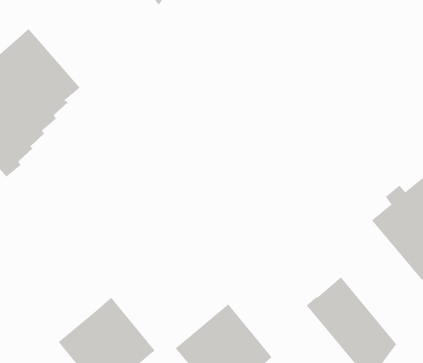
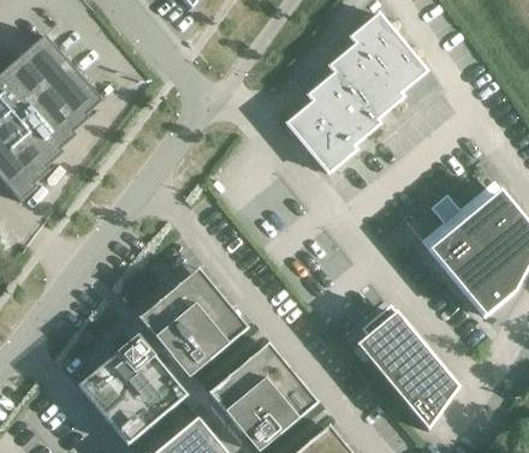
building: none -> [286,13,426,172]
building: none -> [138,267,248,377]

